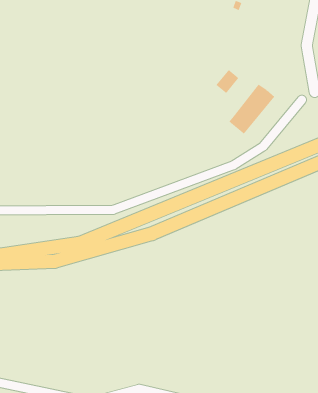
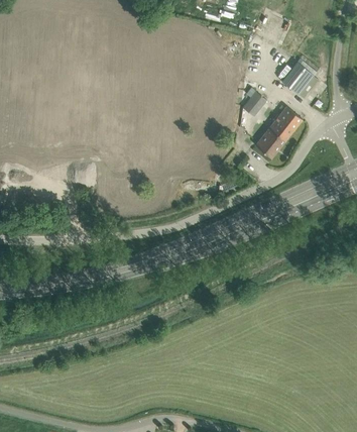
building: none -> [281,62,314,95]

